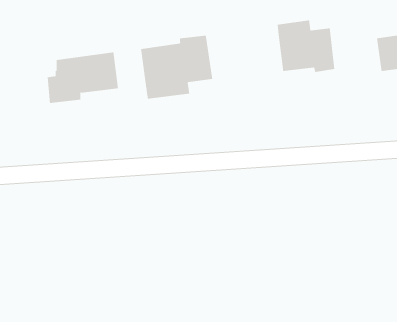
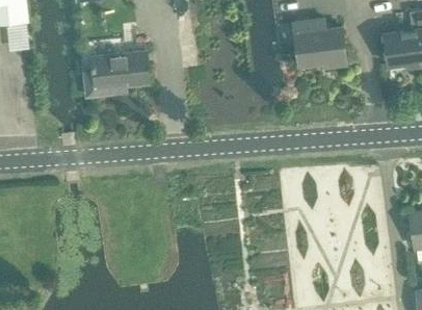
building: [140,35,213,99] -> none

